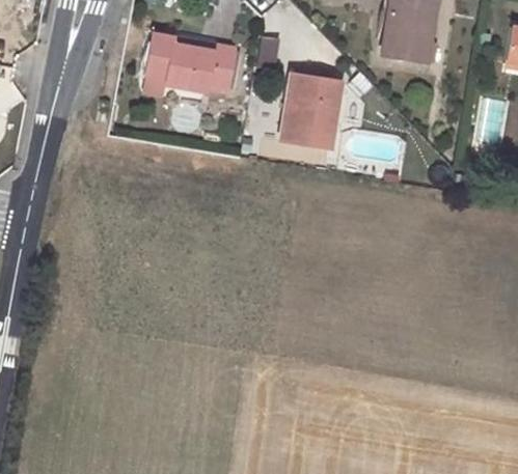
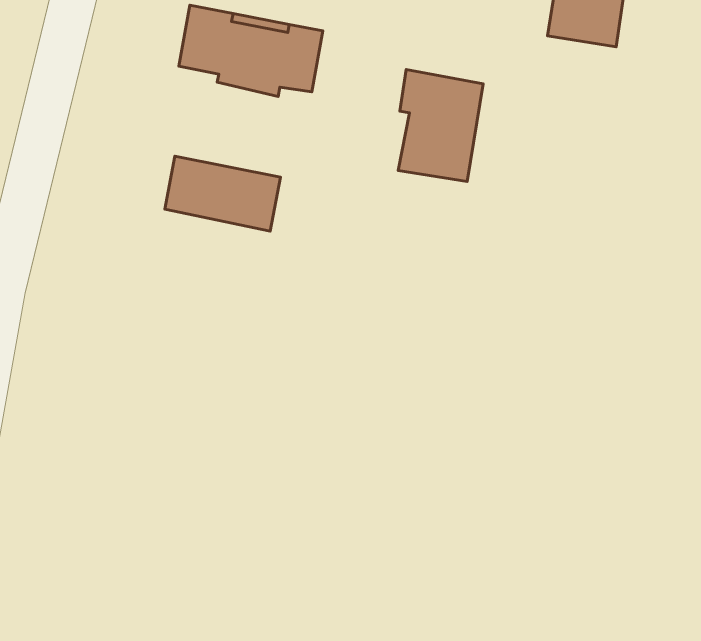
building: none -> [165,156,281,231]

